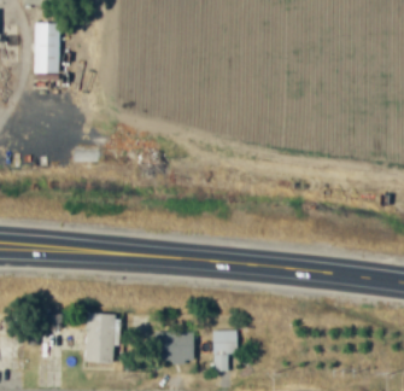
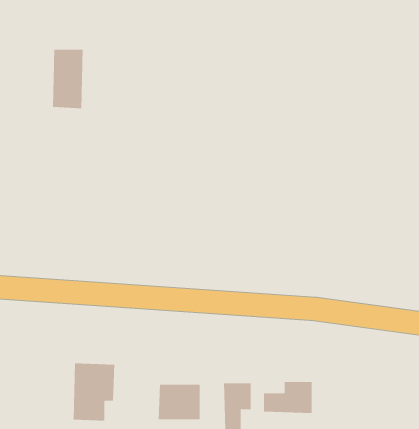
building: [34,23,60,74] -> [52,49,83,109]
building: none -> [263,381,312,414]

